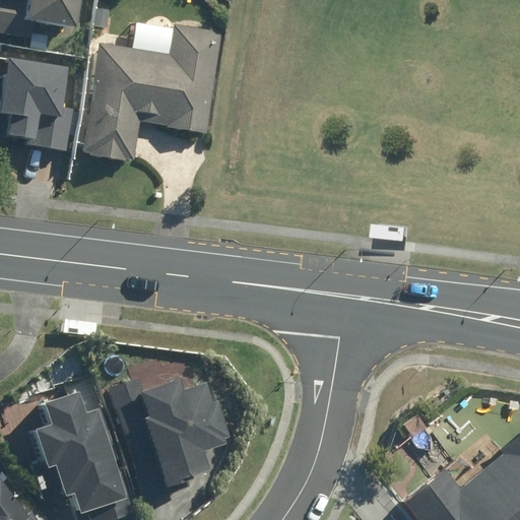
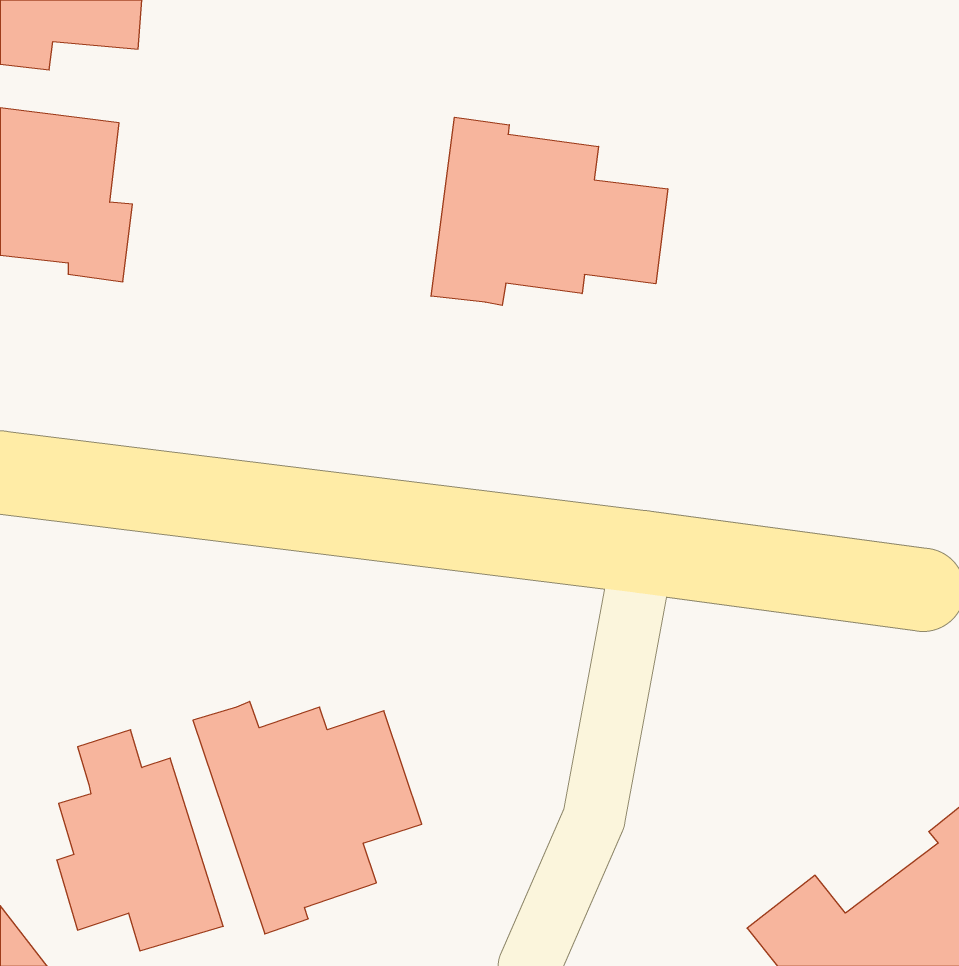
building: [84,21,222,158] -> none
building: none -> [431,117,668,305]

